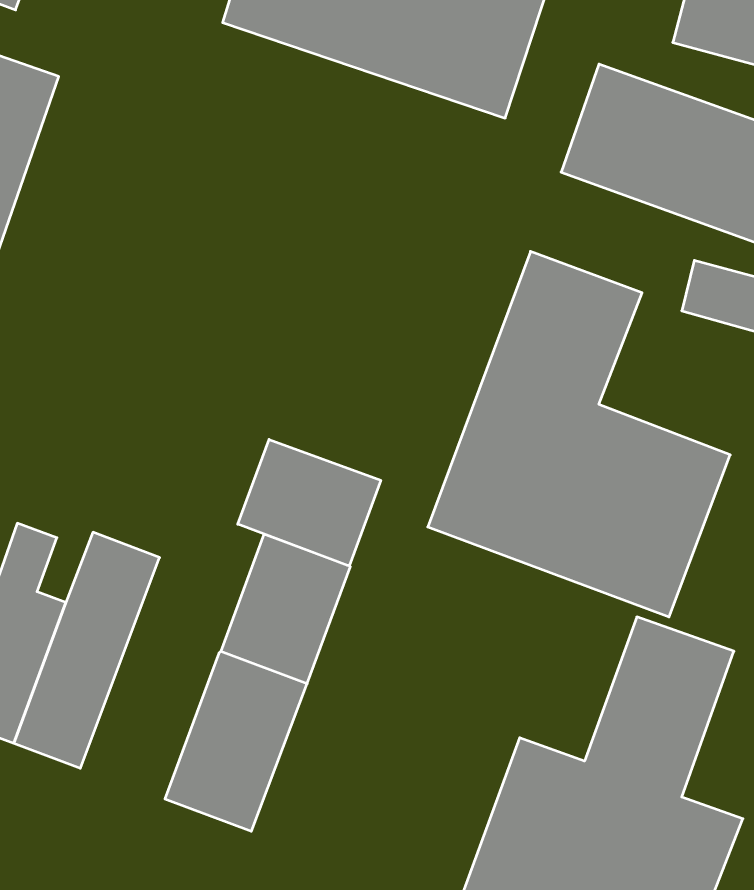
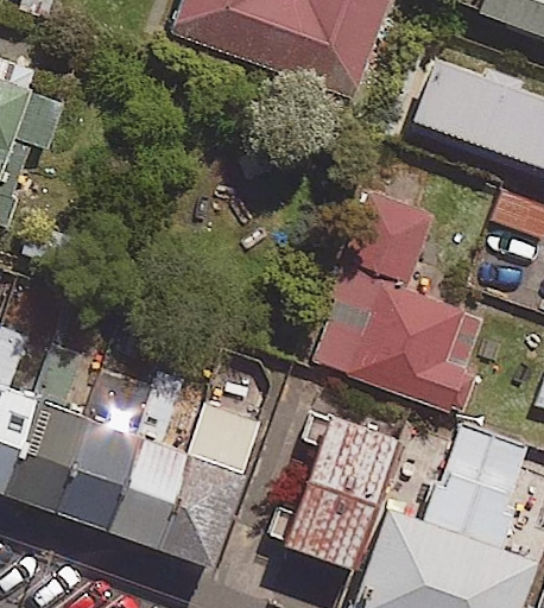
building: [238,439,381,565] -> none
building: none -> [90,373,182,543]
building: none -> [274,410,390,563]

